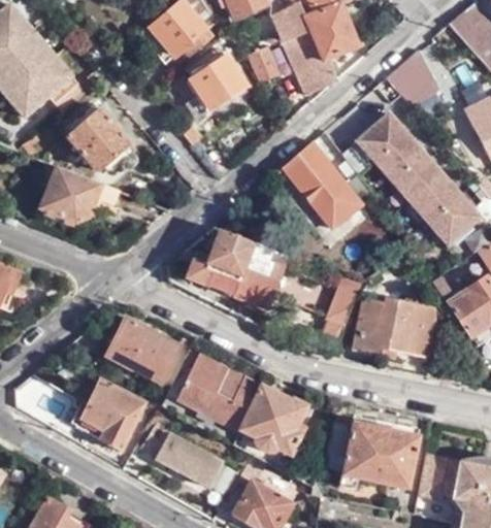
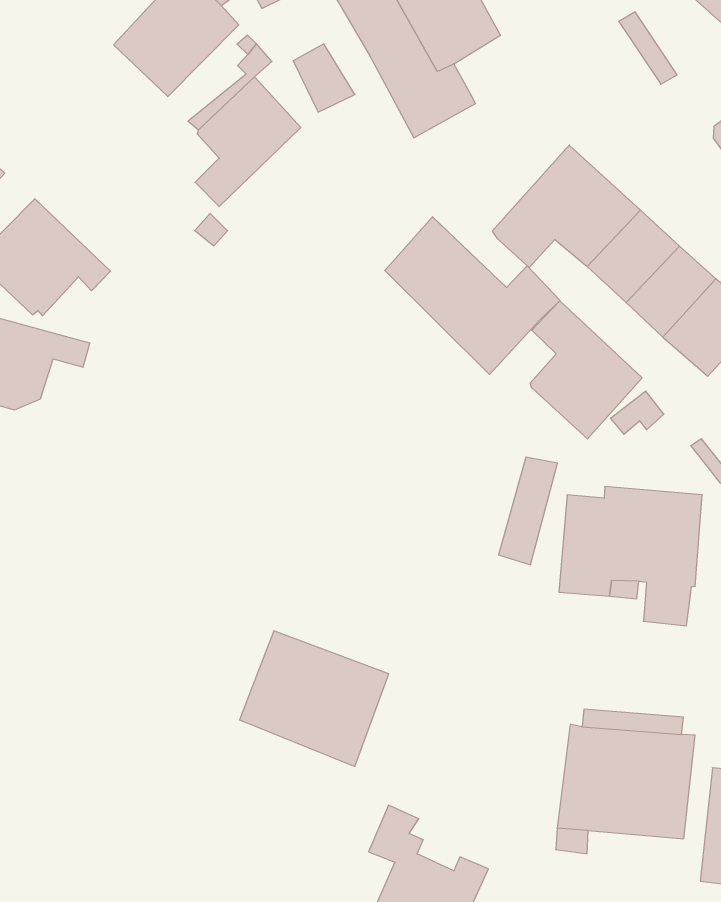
building: [384,51,439,107] -> none
building: none -> [530,301,642,439]
building: [183,232,289,318] -> none
building: [116,315,198,387] -> none
building: [71,377,148,450] -> none
building: [236,386,304,456] -> none
building: [139,421,222,486] -> none

